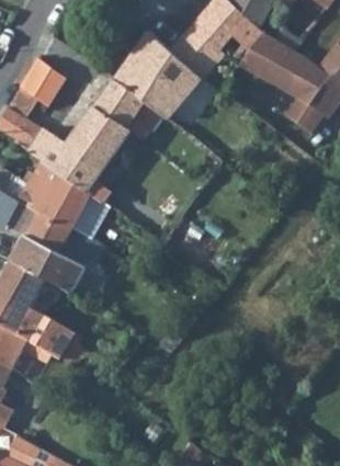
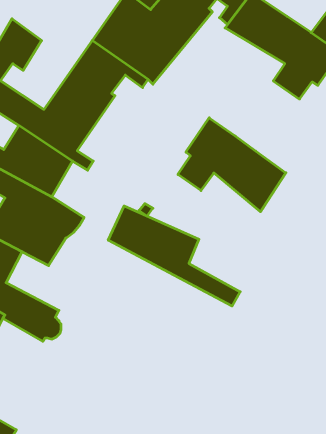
building: none -> [178,118,286,212]
building: none -> [108,206,240,306]

